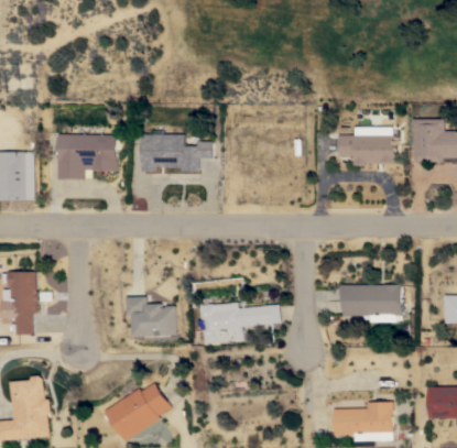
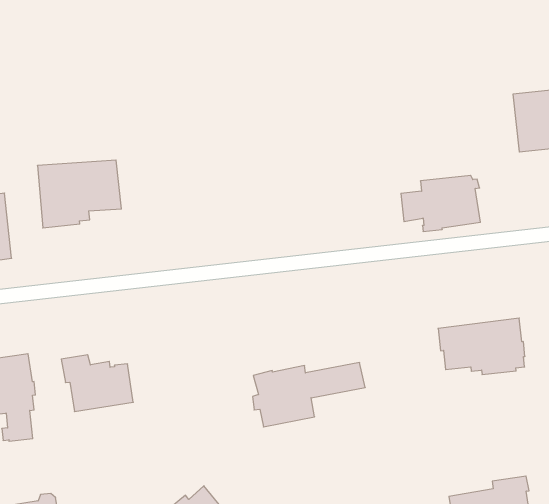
building: [339,128,398,165] -> [401,175,480,231]
building: [142,130,213,172] -> none
building: [127,296,176,337] -> [61,355,133,412]

